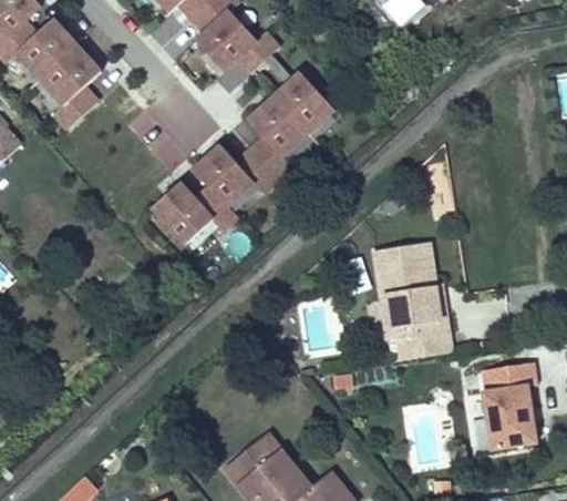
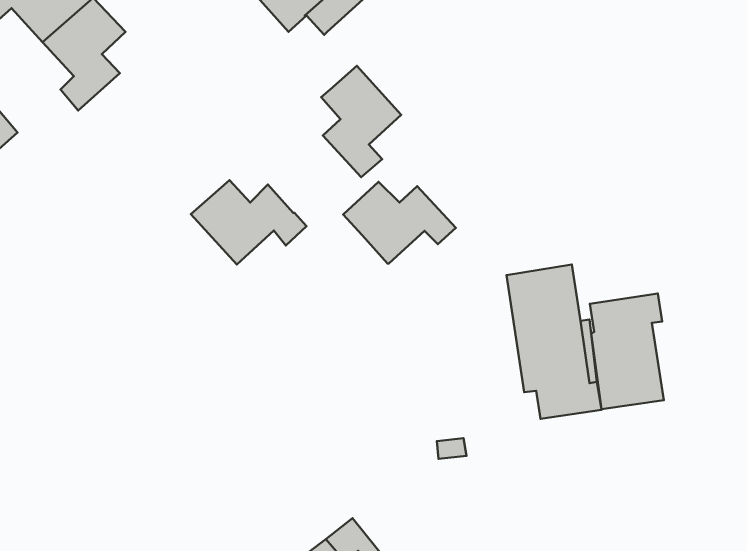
building: [271,70,332,132] -> none
building: [190,144,275,205] -> [343,182,456,263]
building: [484,364,539,450] -> [590,293,664,409]

